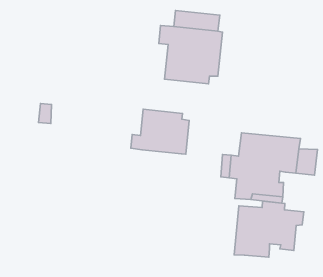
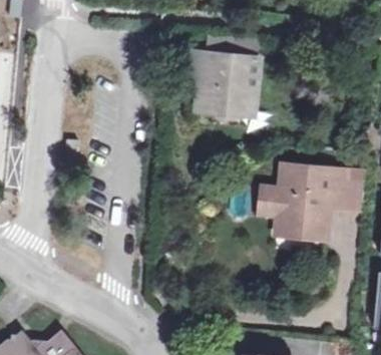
building: [131,109,189,154] -> none
building: [234,201,304,257] -> none

